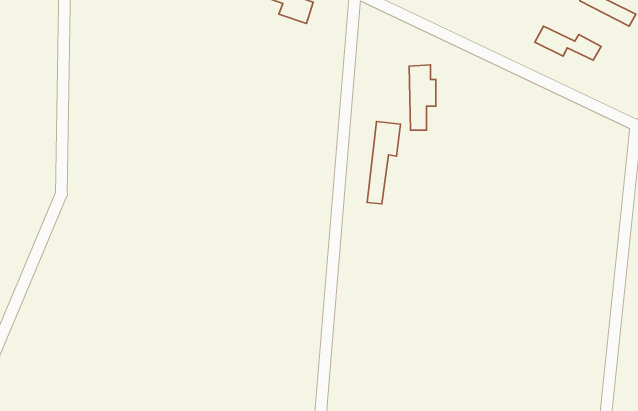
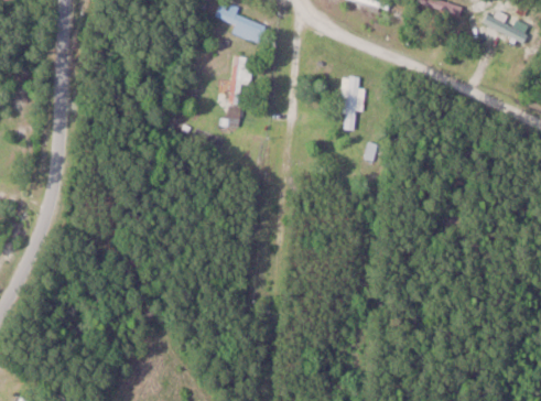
building: [535,26,601,60] -> none
building: [367,121,400,204] -> [226,56,253,124]

